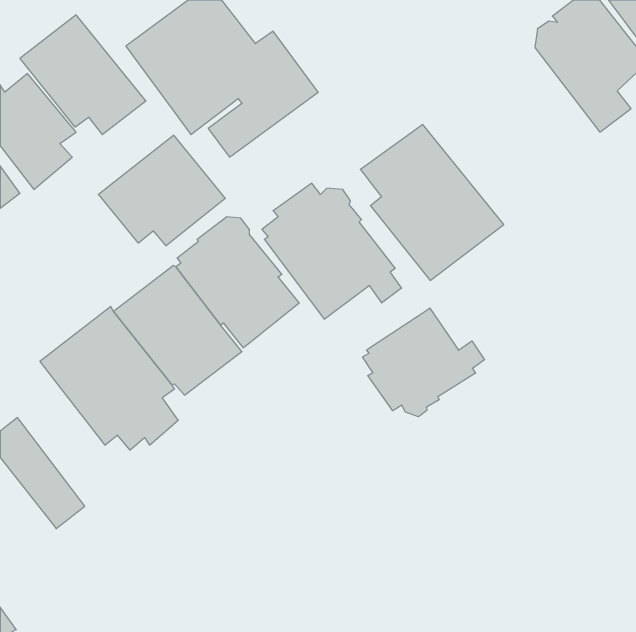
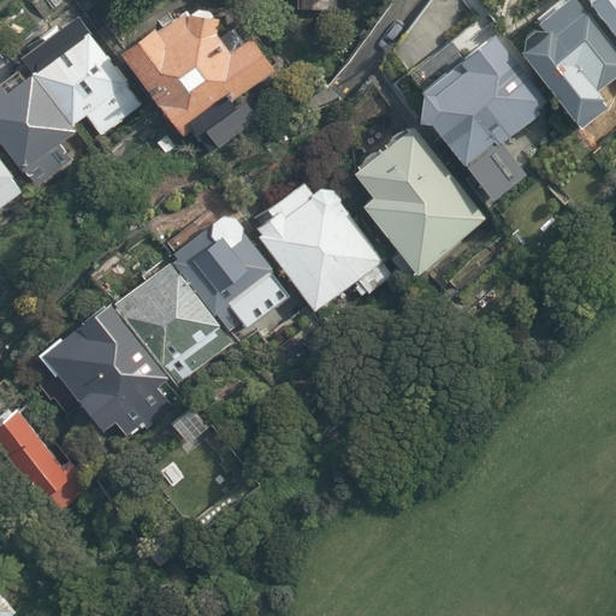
building: none -> [413,30,549,202]
building: [98,135,225,246] -> none
building: [363,308,485,417] -> none

